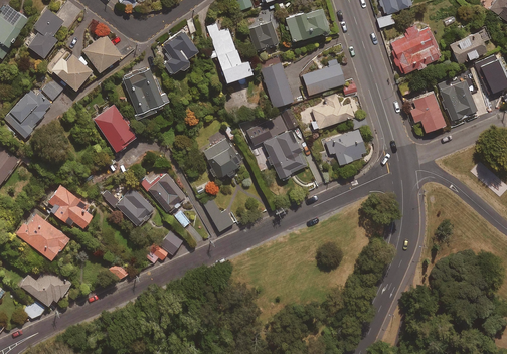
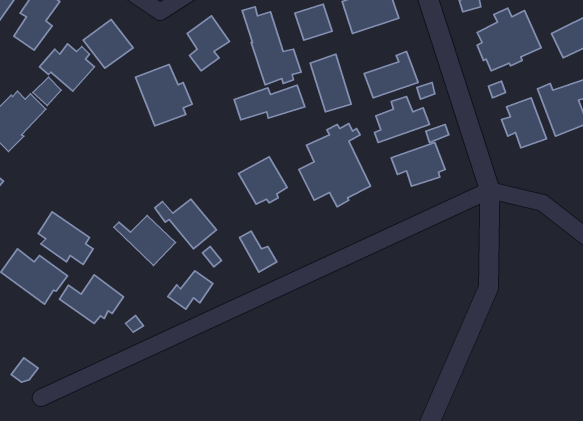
building: none -> [234,85,305,120]
building: [94,107,137,153] -> none
building: [22,264,72,303] -> [59,275,124,324]

